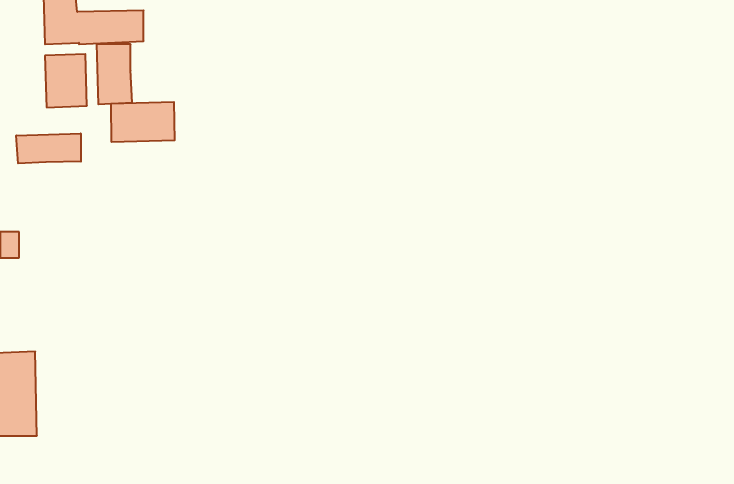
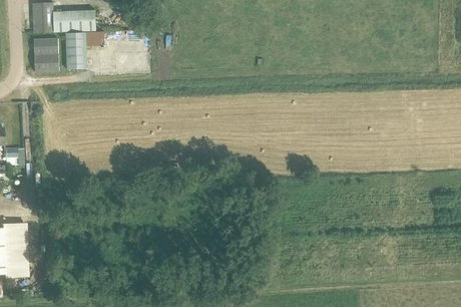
building: [111,102,175,142] -> none
building: [16,133,81,163] -> none

